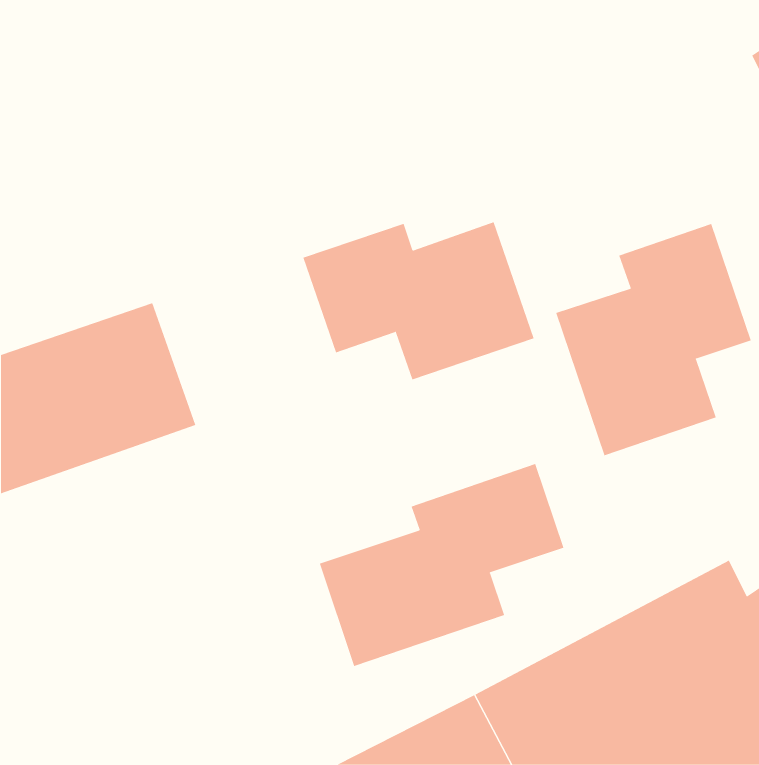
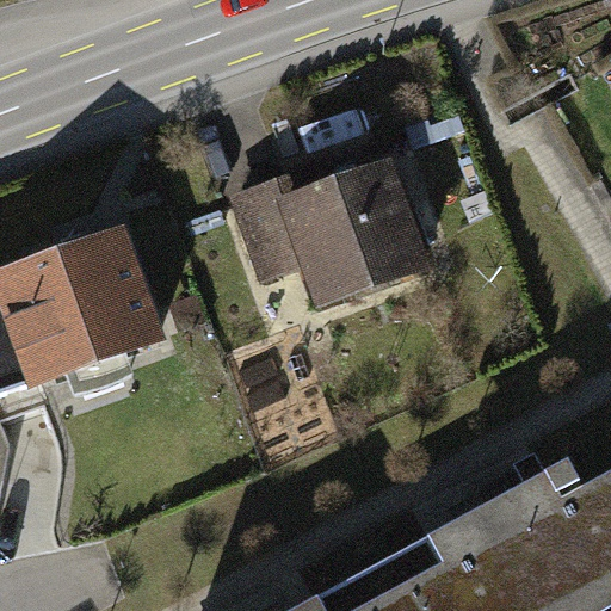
building: [556,223,751,456] -> none
building: [319,463,564,667] -> none

